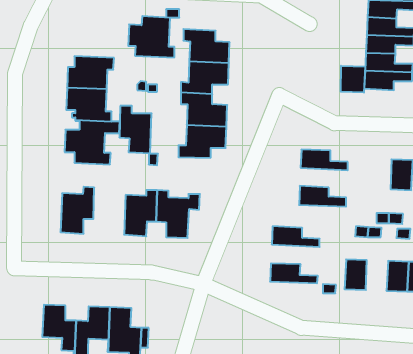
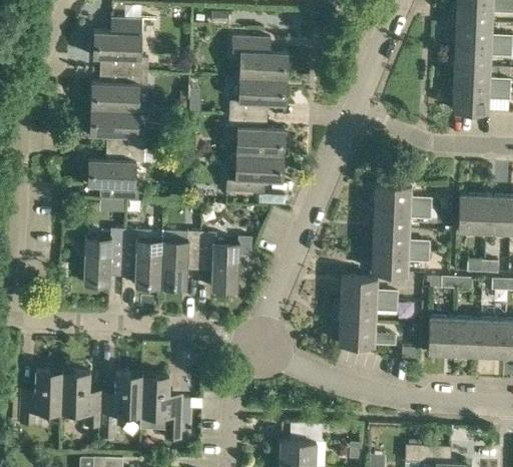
building: [128,16,174,57] -> [92,22,148,72]
building: [341,66,365,93] -> none
building: [119,106,152,153] -> [123,229,162,287]
building: none -> [458,194,485,231]
building: none -> [374,205,432,229]
building: none -> [372,251,430,274]
building: none -> [339,299,398,323]
building: none -> [454,318,481,355]
building: none -> [19,371,63,425]

